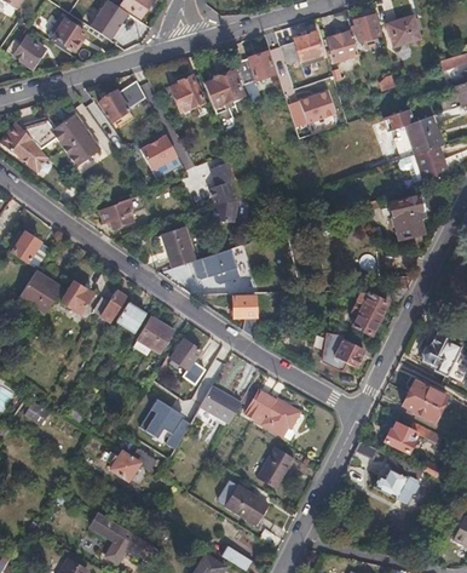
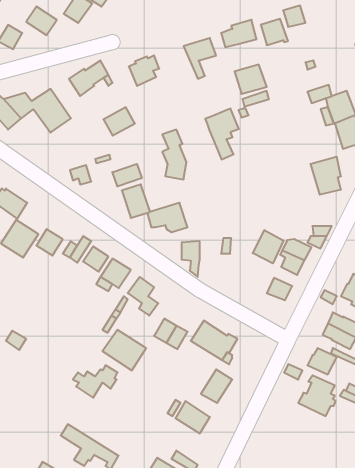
building: [387,15,421,45] -> none
building: [204,70,244,131] -> [205,109,239,159]
building: none -> [112,164,142,186]
building: none -> [253,230,284,263]

